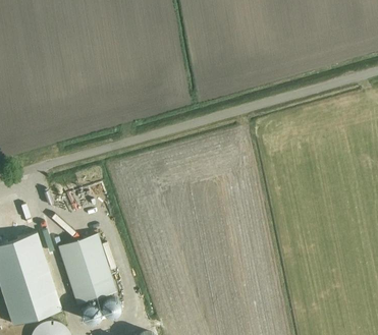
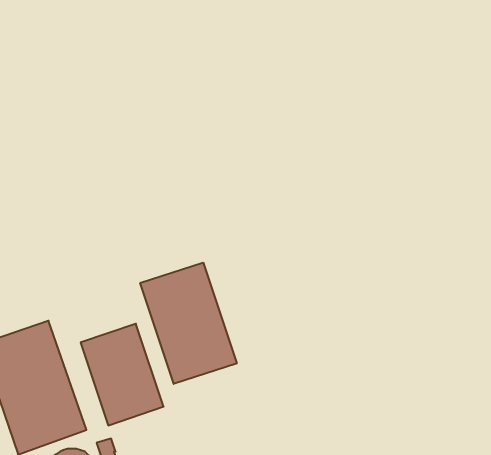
building: none -> [140,263,237,384]

